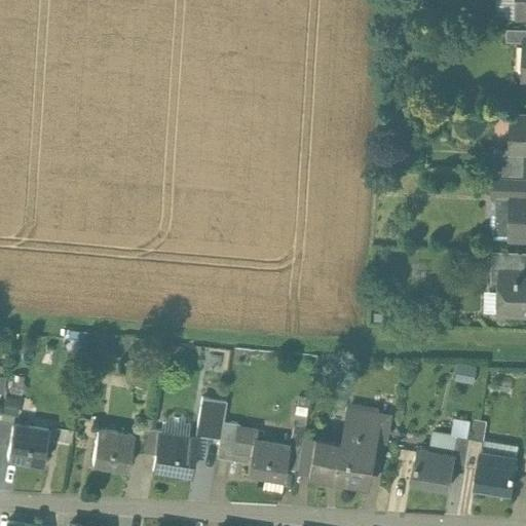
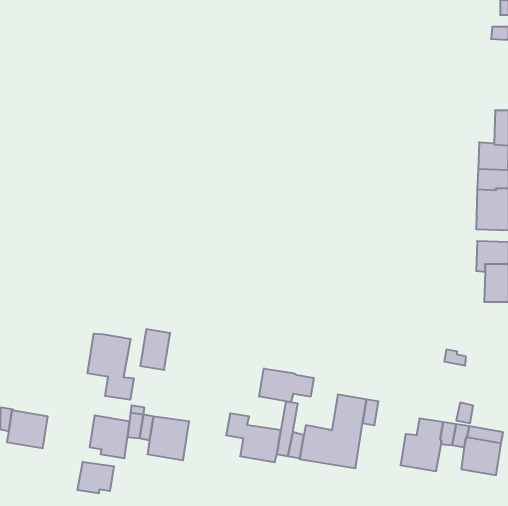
building: none -> [88,334,134,400]
building: none -> [259,368,314,402]
building: [196,400,227,442] -> [140,329,170,370]
building: none -> [78,462,114,493]

